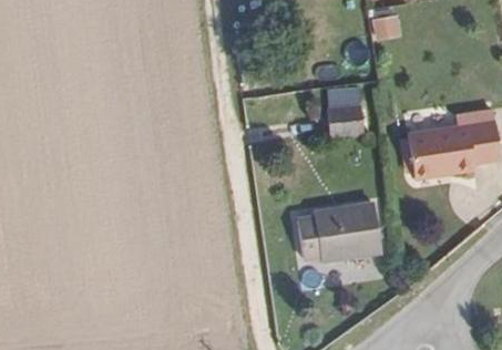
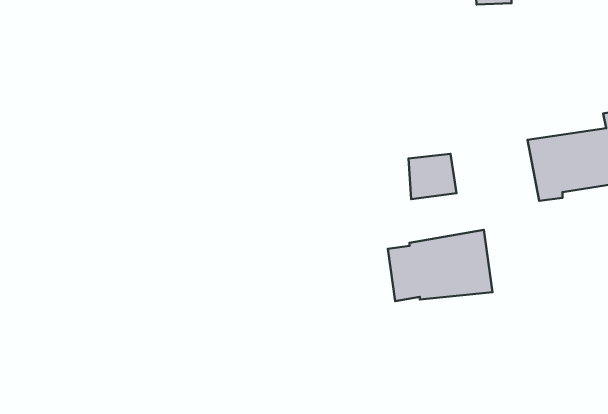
building: [328,97,365,132] -> [408,154,456,199]

